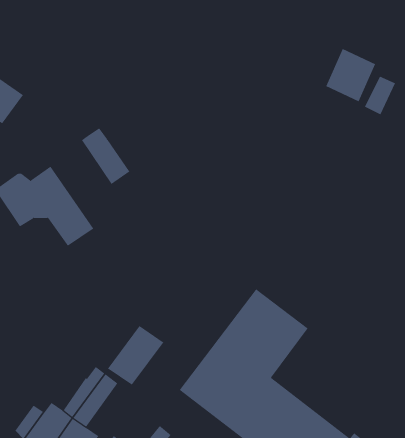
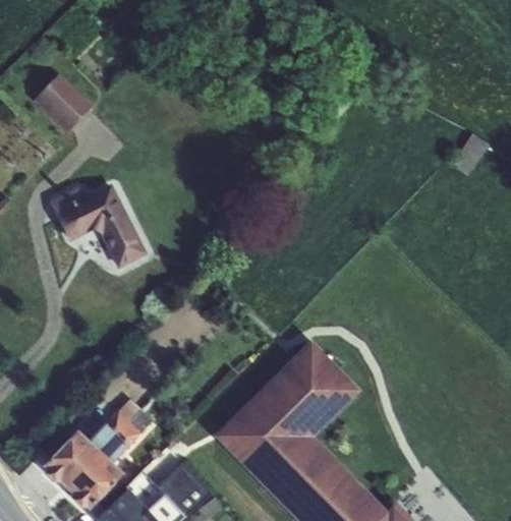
building: [325,48,376,102] -> none
building: [81,127,130,185] -> none
building: [107,325,164,385] -> none

